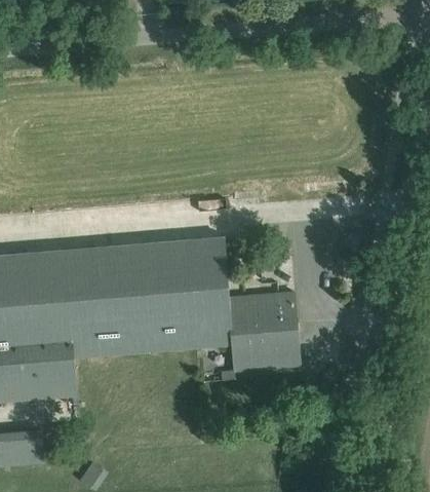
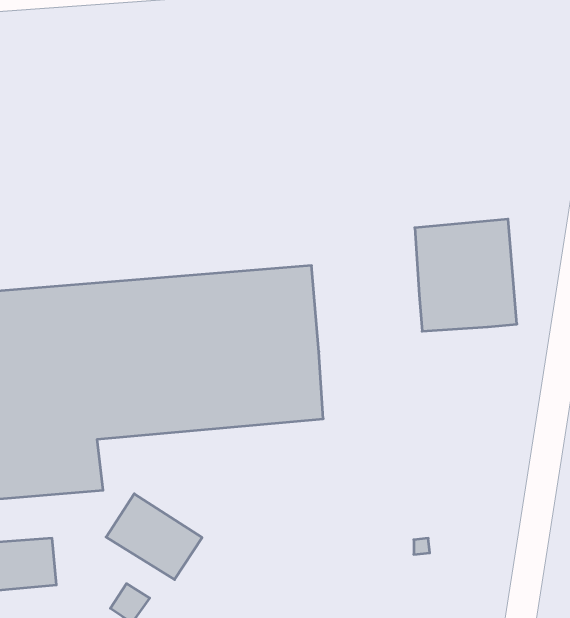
building: [227,292,299,371] -> [415,219,517,331]
building: none -> [106,494,202,580]

